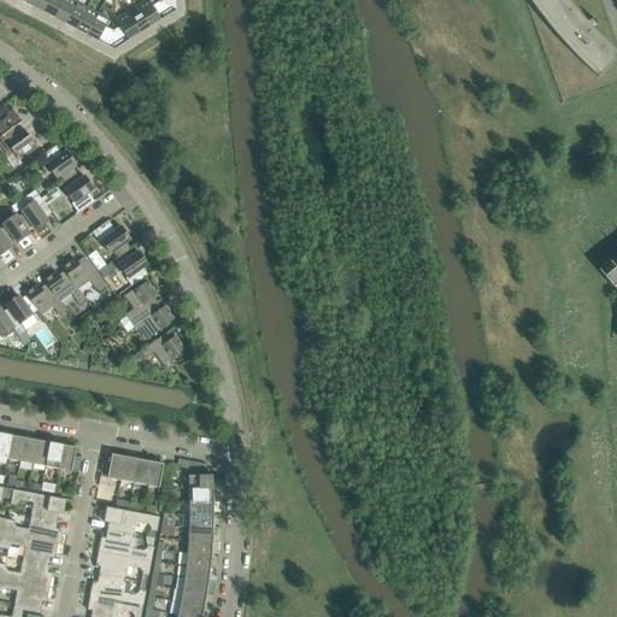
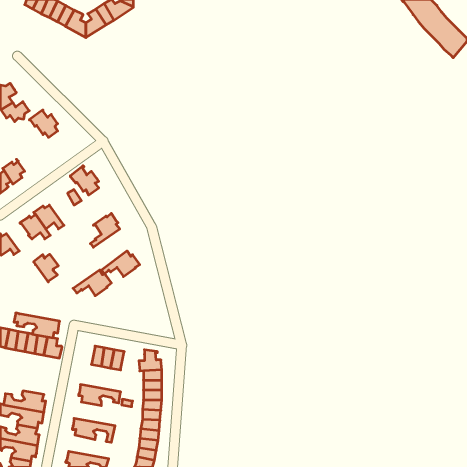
building: [61,172,95,213] -> none
building: [17,189,52,229] -> none
building: [116,247,148,286] -> none
building: [63,257,104,296] -> none
building: [6,294,39,330] -> [34,255,58,282]
building: [123,301,174,335] -> [73,270,111,296]
building: [100,453,125,487] -> none
building: [6,487,66,519] -> [14,313,60,338]
building: [98,529,154,560] -> none
building: [90,572,147,604] -> none

